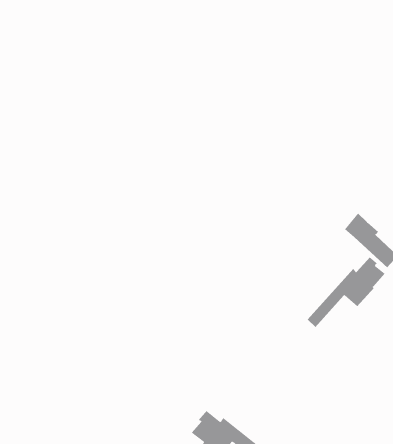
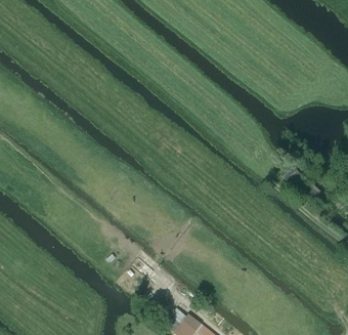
building: [307,256,386,328] -> none

